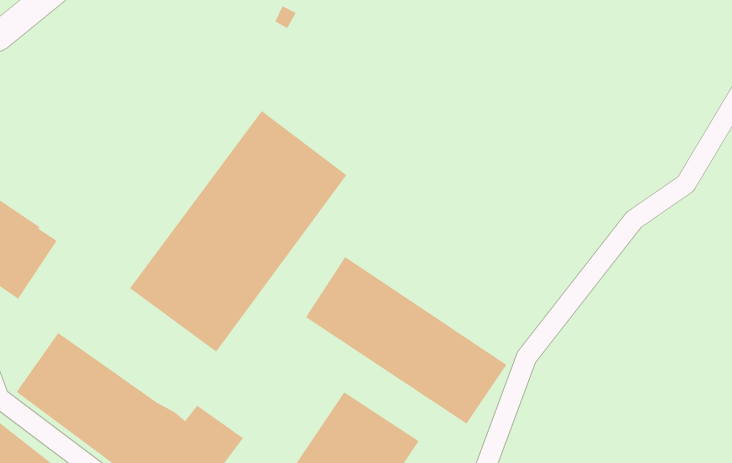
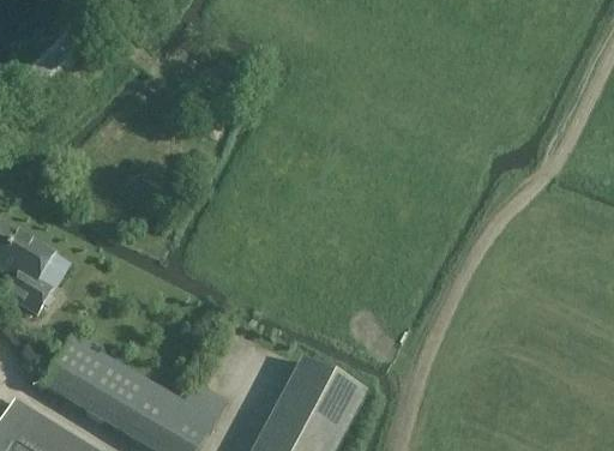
building: [129,110,347,352] -> none
building: [305,256,507,424] -> none

